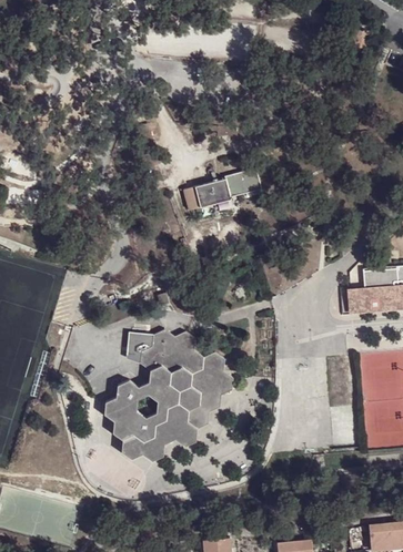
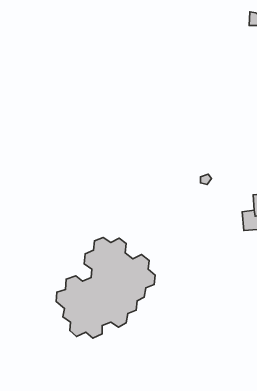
building: [183,167,260,209] -> none
building: [125,331,152,364] -> none

